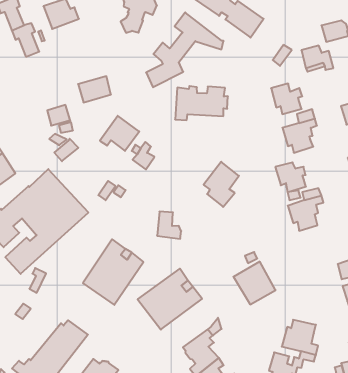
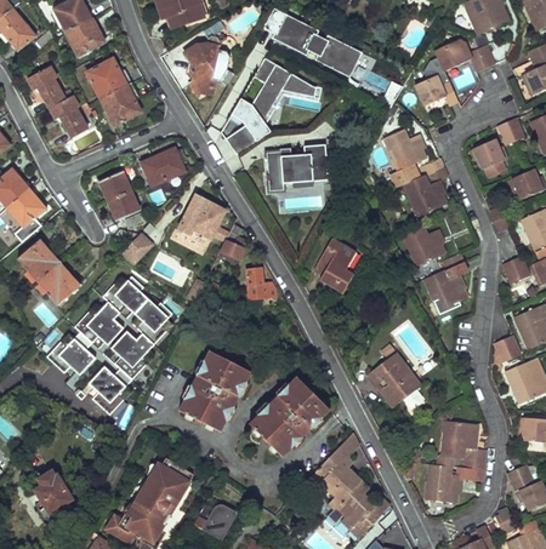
building: none -> [101,82,142,126]
building: none -> [99,172,130,201]
building: [157,212,181,239] -> [246,267,277,298]

